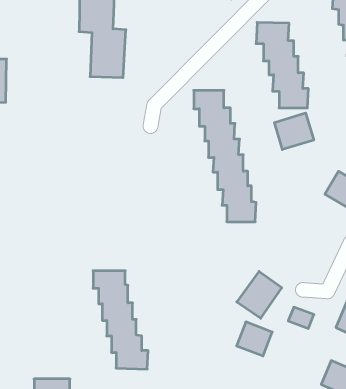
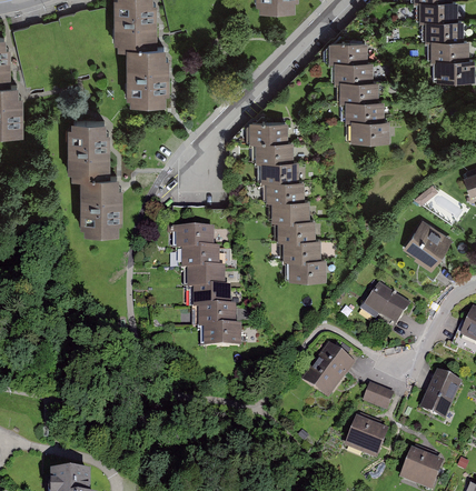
building: none -> [63,122,116,233]
building: [274,113,314,150] -> none
building: none -> [368,281,416,325]
building: [93,271,148,369] -> [173,230,240,349]
building: [237,322,272,356] -> [347,418,390,459]

